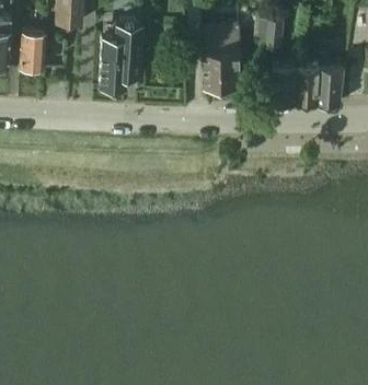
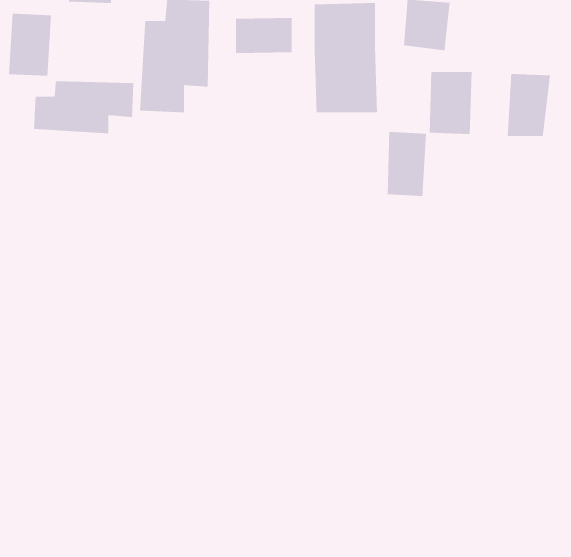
building: none -> [235,17,292,54]
building: [298,67,322,106] -> [387,131,427,197]
building: none -> [33,81,134,134]

